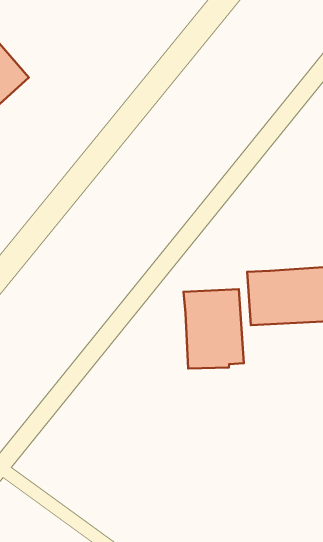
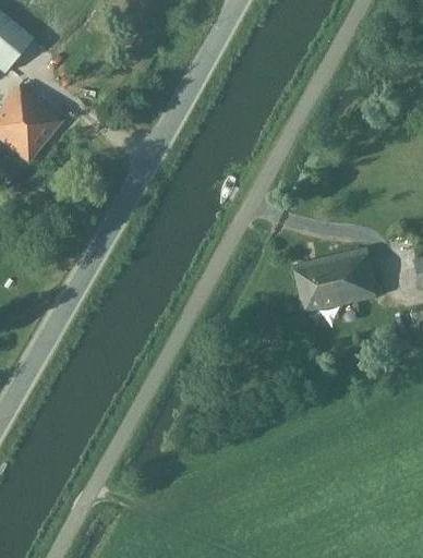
building: [184,289,244,369] -> none

